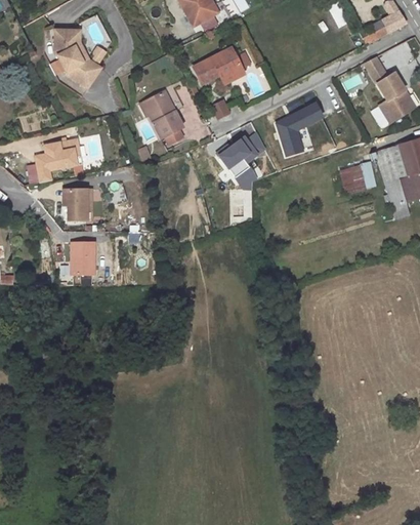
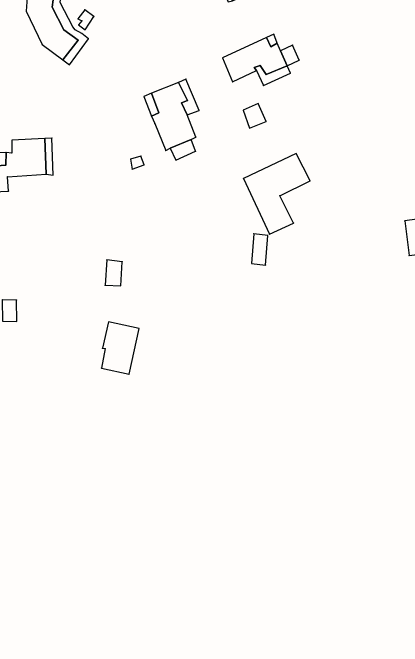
building: [275,103,326,156] -> none
building: [67,194,94,228] -> none
building: [72,251,96,287] -> [101,322,139,374]

